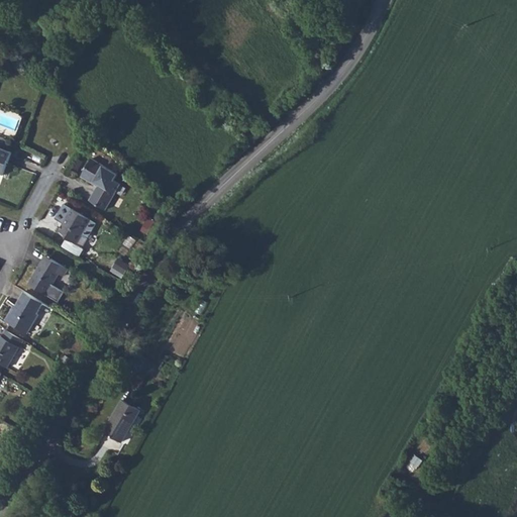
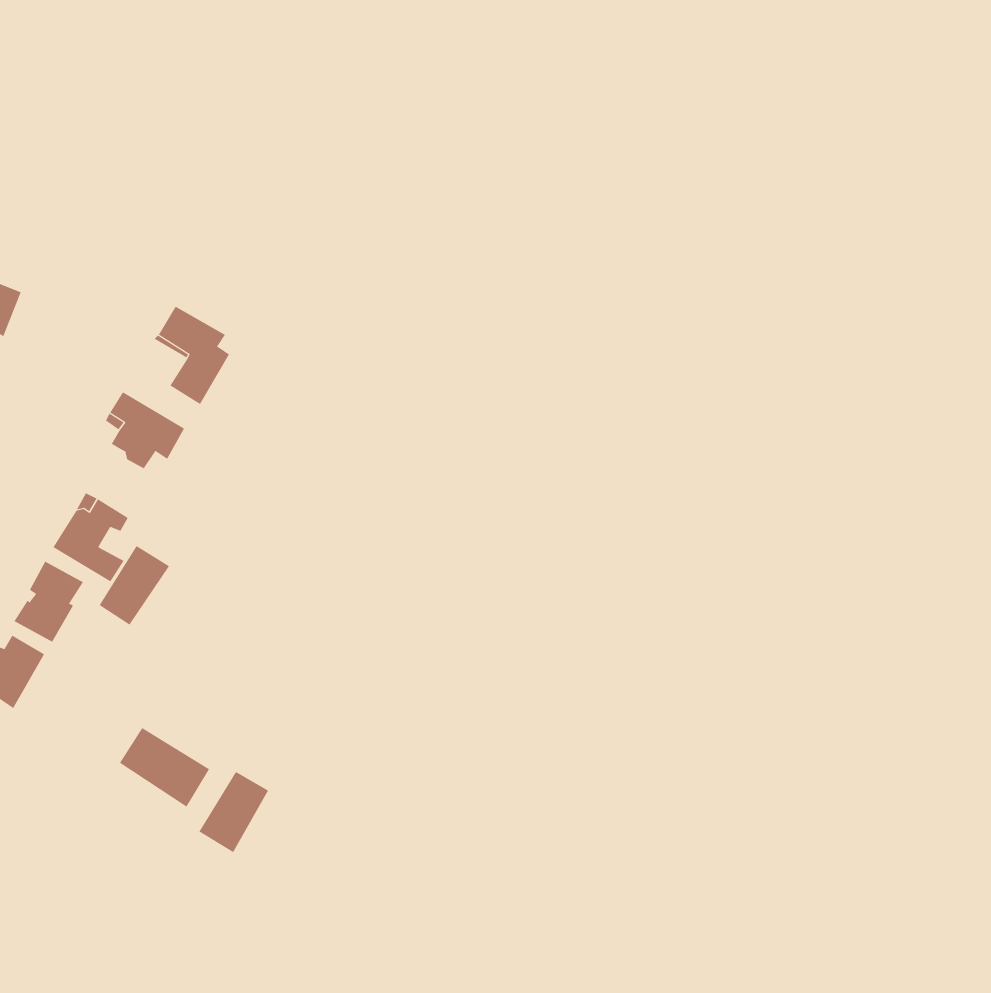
building: none -> [99,545,170,625]
building: none -> [119,727,210,807]

